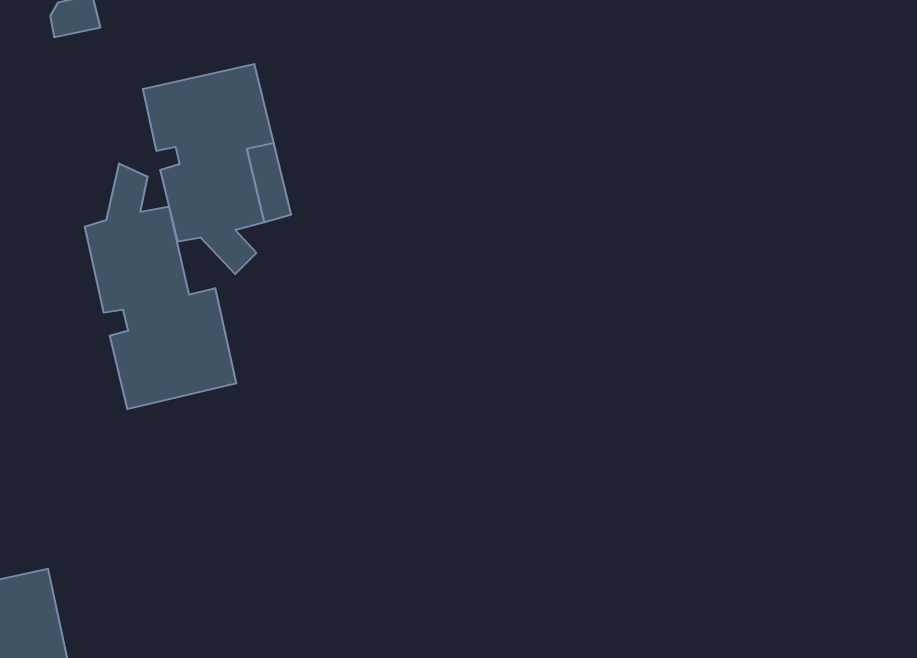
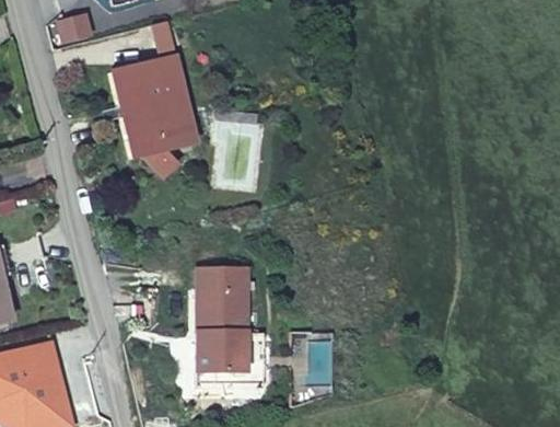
building: [85,163,236,409] -> none
building: none -> [197,268,246,372]

